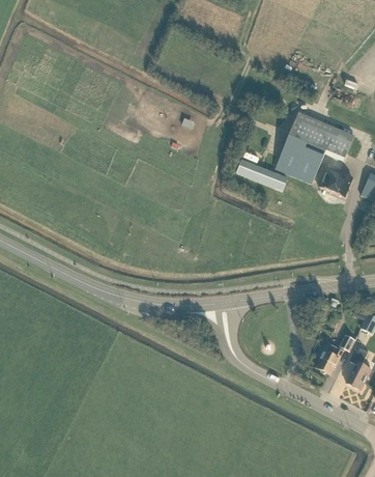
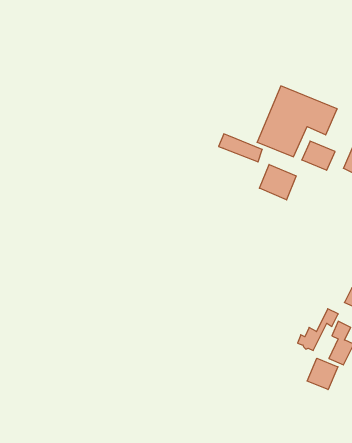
building: none -> [259,164,296,200]
building: none -> [307,358,338,390]

